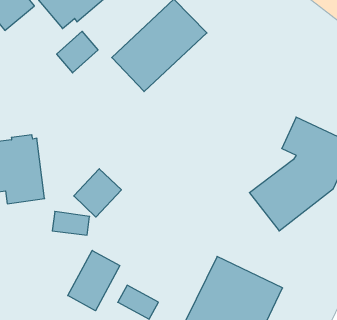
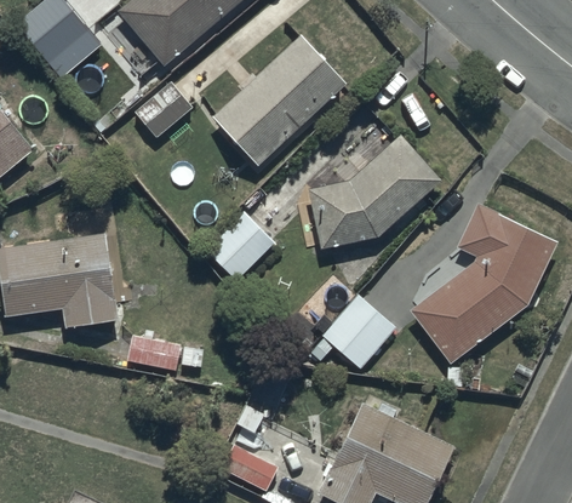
building: none -> [308,135,442,250]
building: [74,169,121,217] -> [206,212,274,281]
building: none -> [310,293,396,370]
building: [68,250,120,311] -> none

